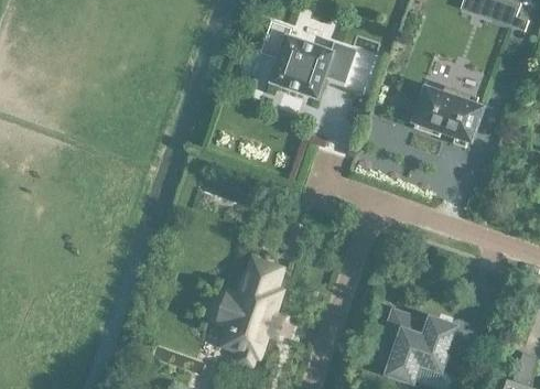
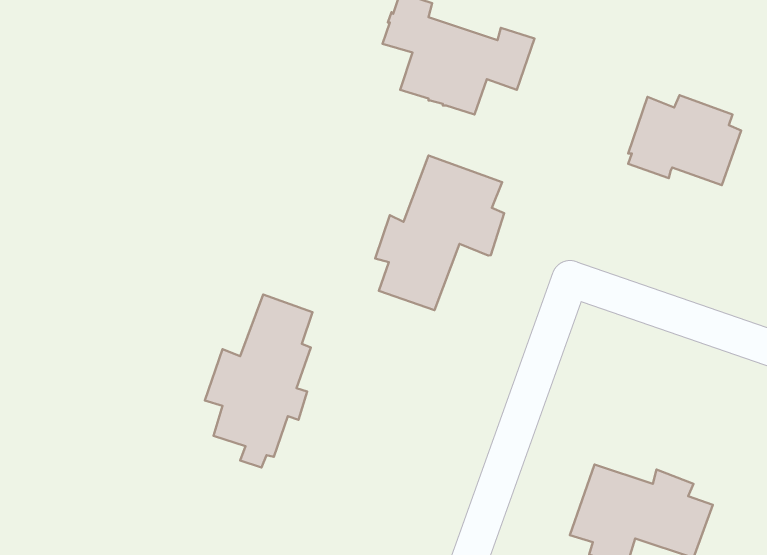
building: none -> [375,155,504,310]
building: [216,257,283,365] -> [205,294,313,468]

